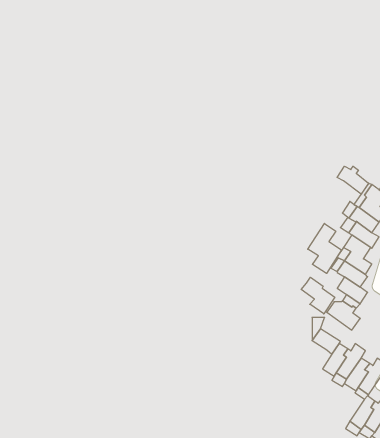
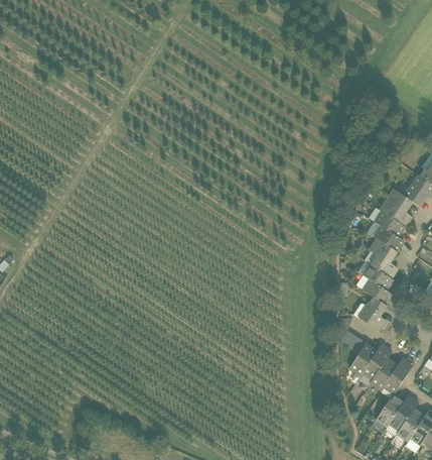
building: [337,166,369,194] -> none
building: [308,223,342,273] -> none
building: [301,277,335,314] -> none

